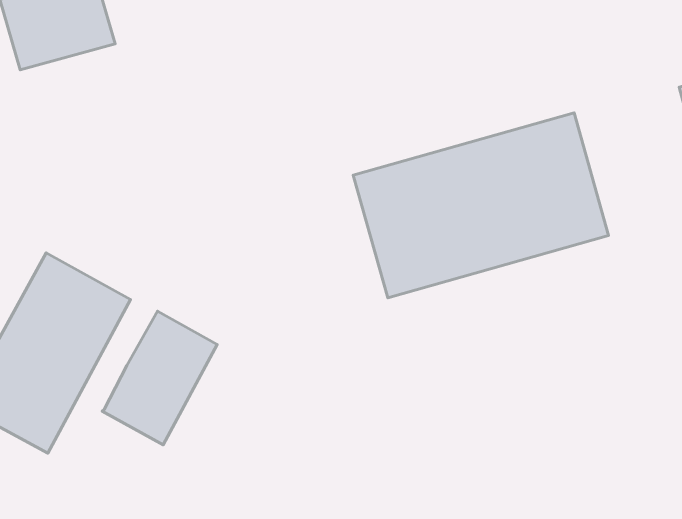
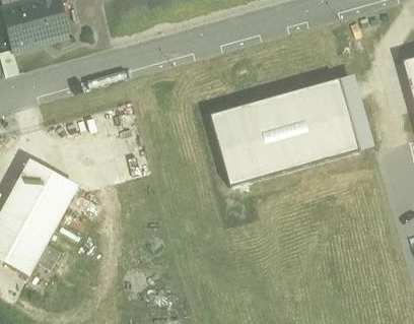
building: [102,311,217,445] -> none

